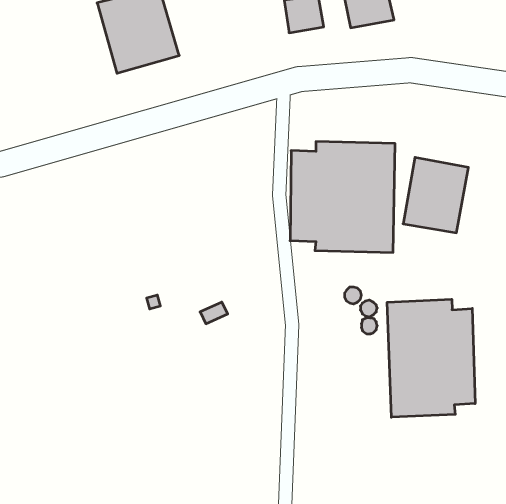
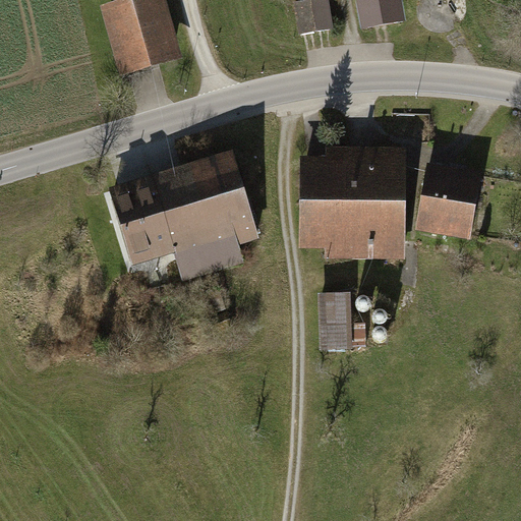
building: none -> [109,149,262,280]
building: none -> [317,292,352,349]
building: [387,299,475,417] -> none

